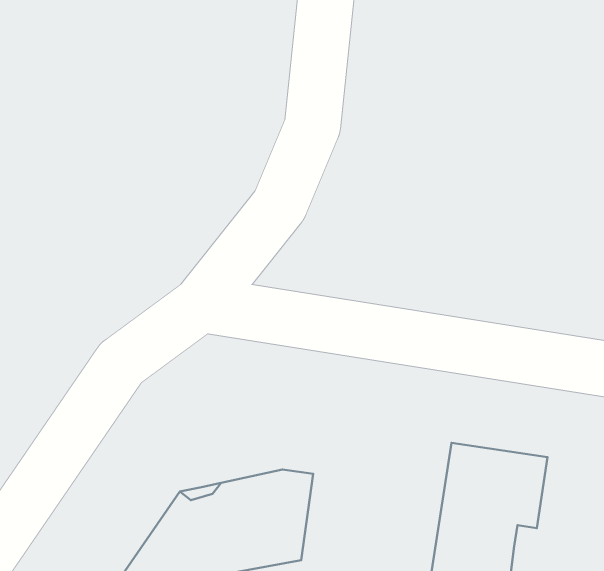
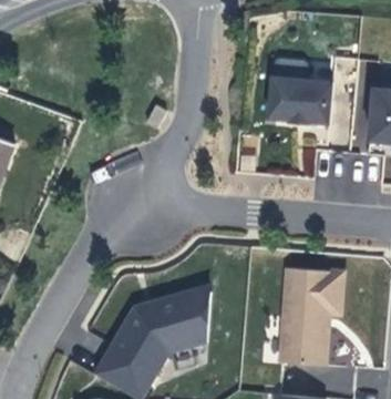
building: none -> [264,59,331,125]

